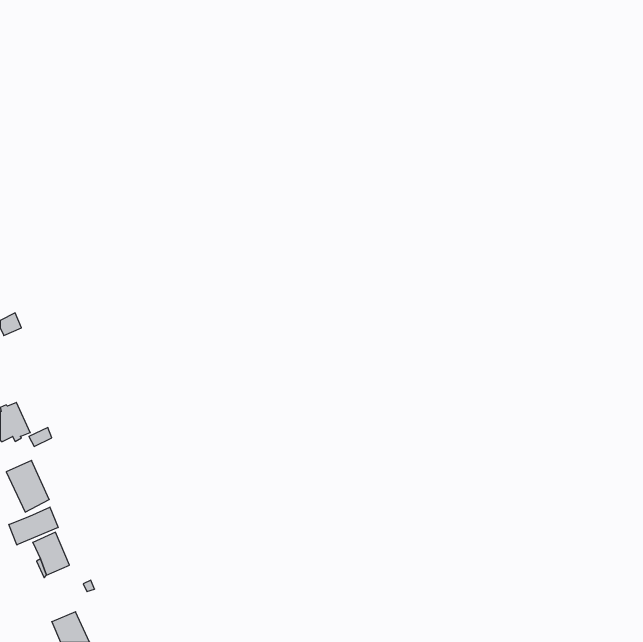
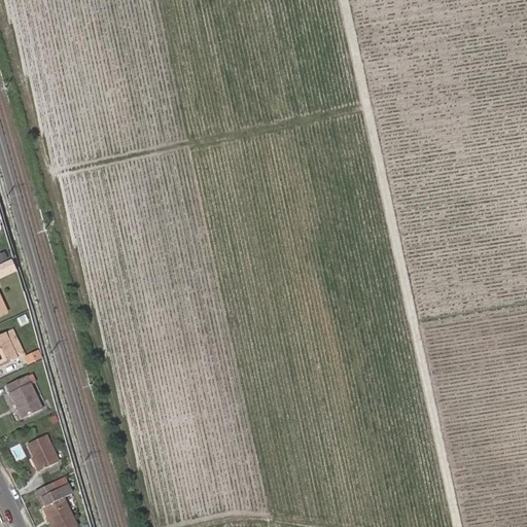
building: [9,507,58,545] -> none
building: none -> [35,477,70,507]

